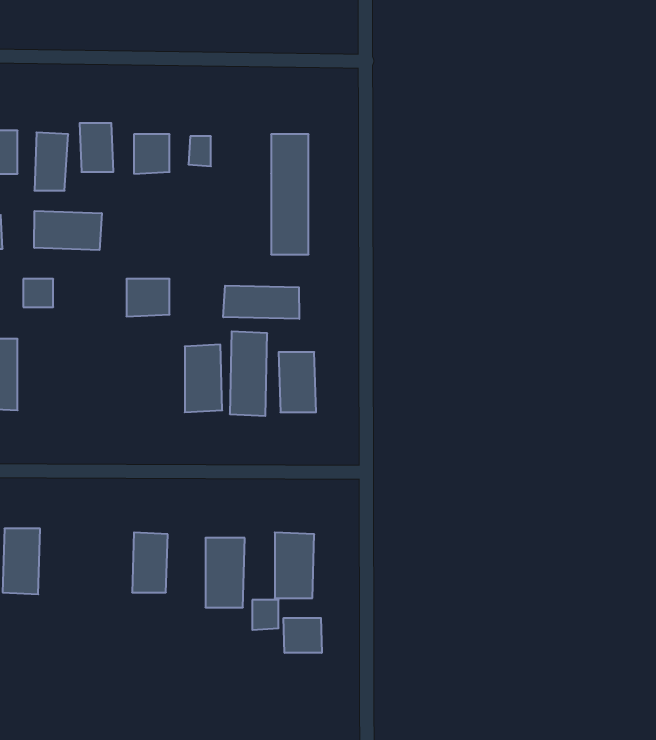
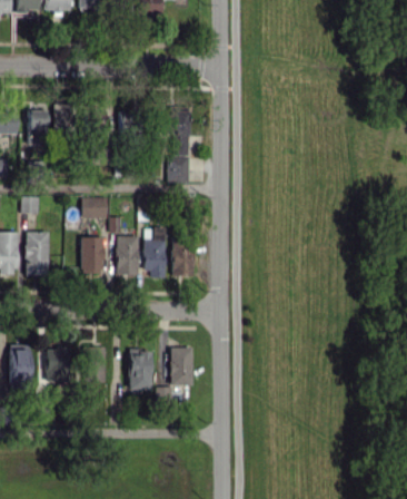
building: [34,211,102,250] -> none
building: [223,286,299,319] -> none
building: none -> [26,232,49,274]
building: none -> [82,236,105,273]
building: none -> [46,348,70,381]
building: [284,618,322,653] -> none

